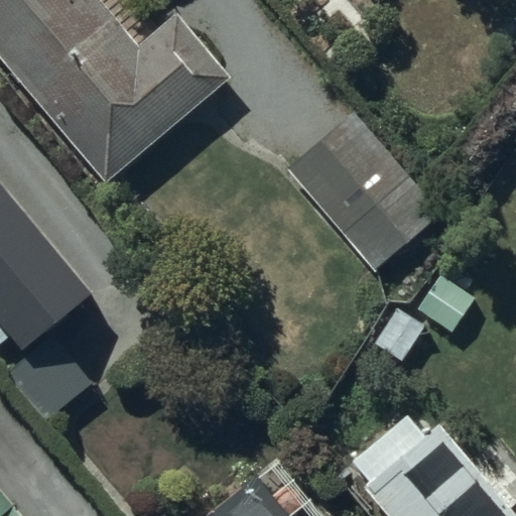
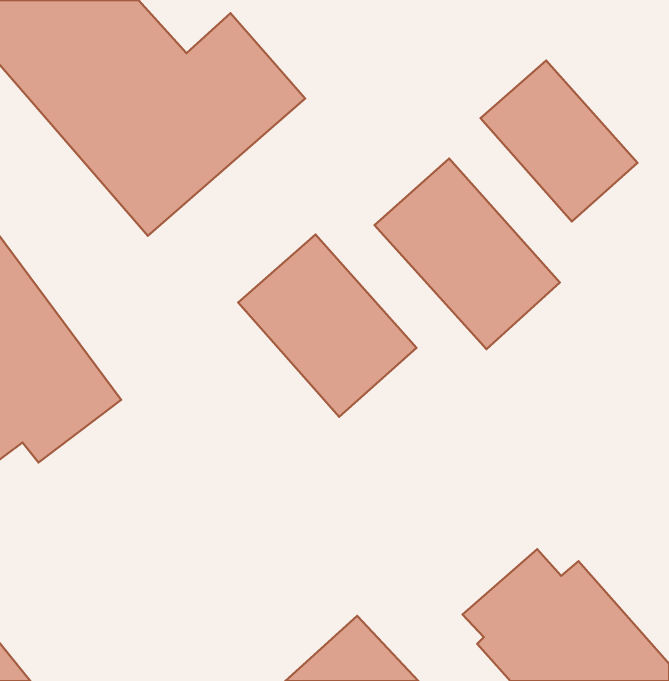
building: none -> [481,61,637,221]
building: none -> [238,235,417,417]

